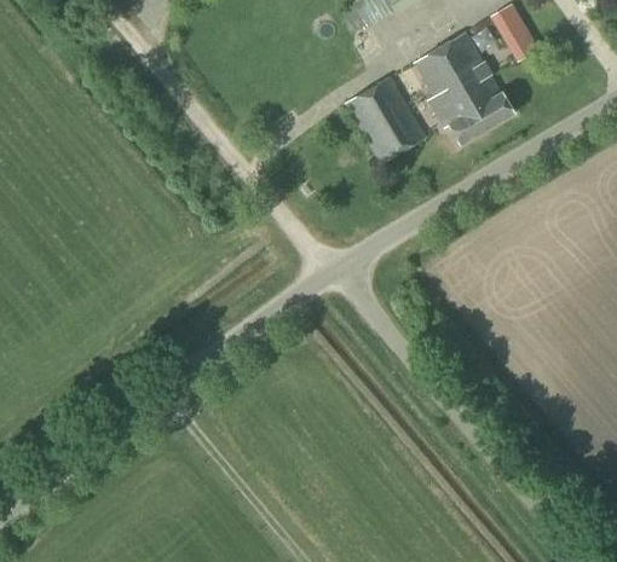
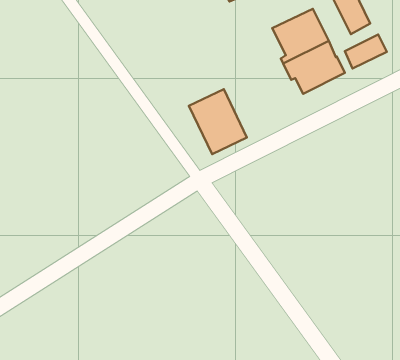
building: none -> [345,35,387,69]
building: [346,76,425,162] -> [189,89,247,154]

